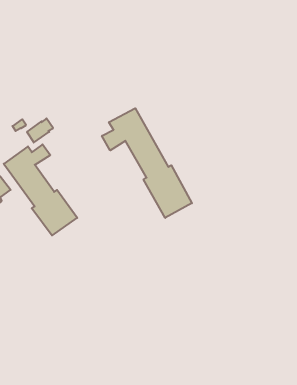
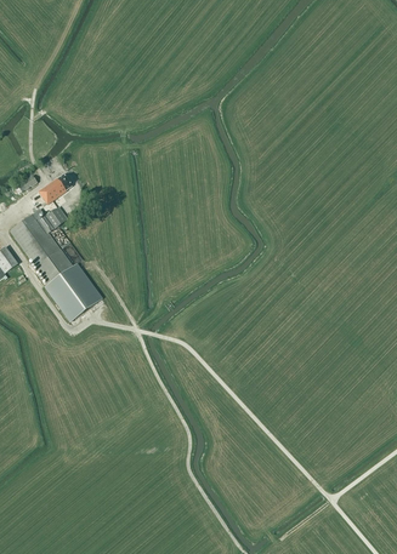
building: [102,108,192,218] -> none

